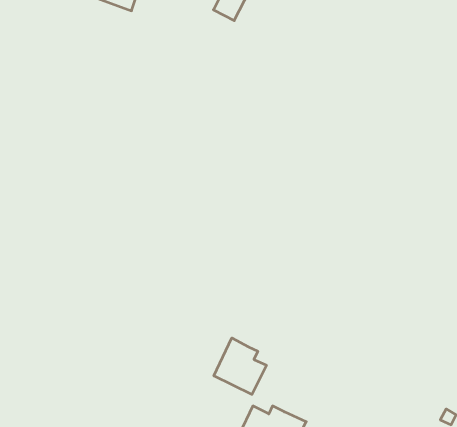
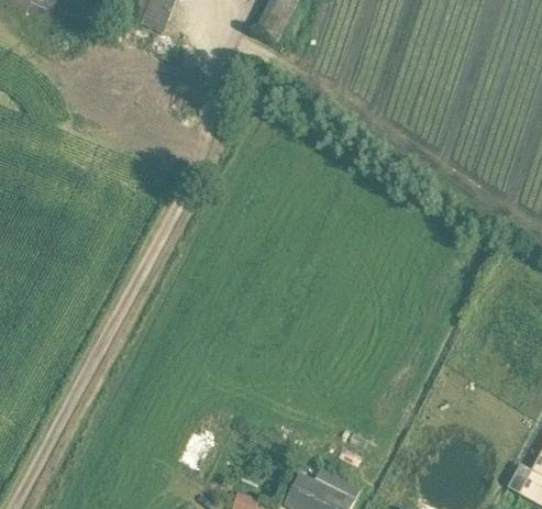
building: [214,338,266,394] -> none

